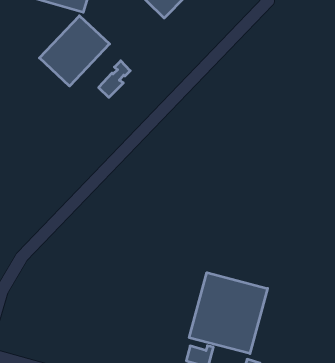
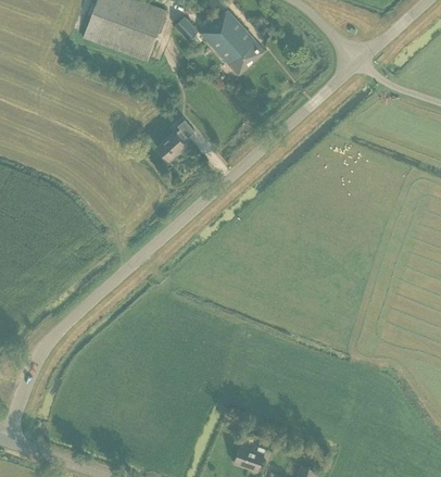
building: [39,16,110,86] -> none
building: [189,273,268,354] -> none

